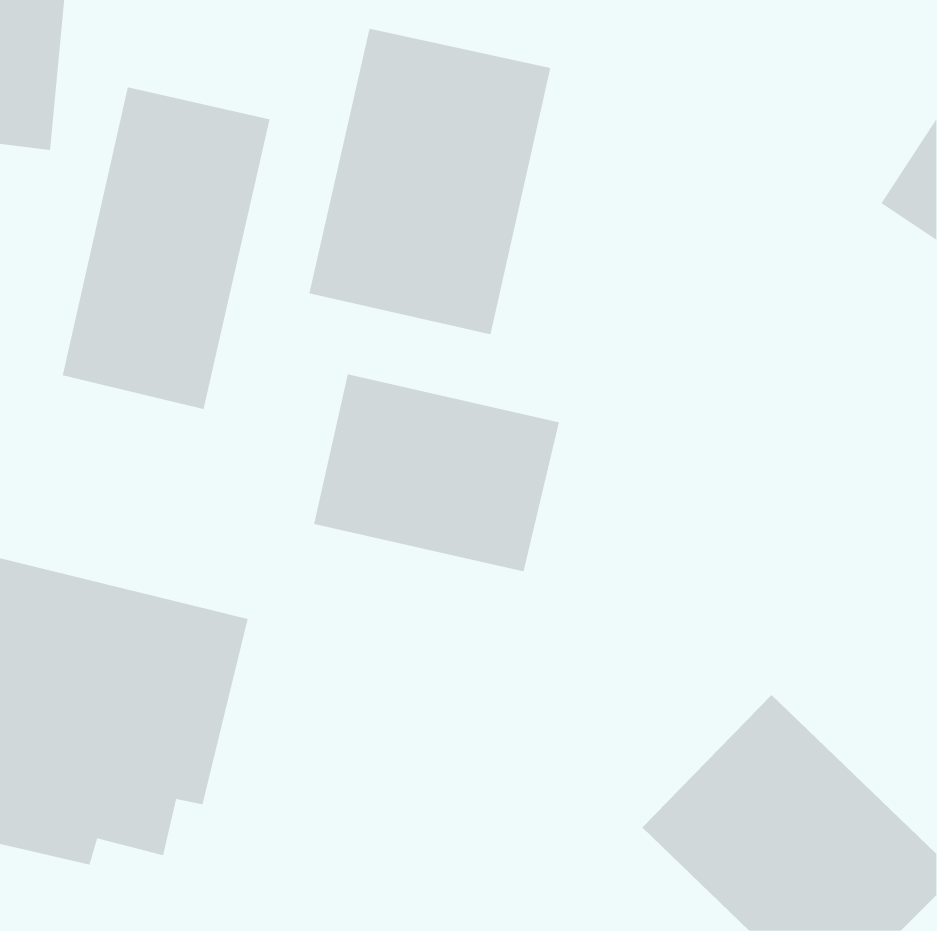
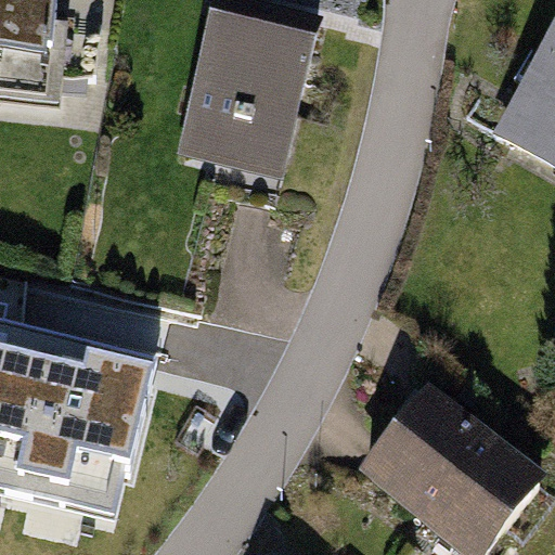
building: [62,87,270,410] -> none
building: [313,373,560,572] -> none

